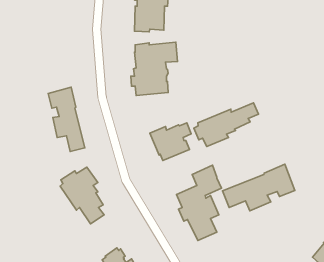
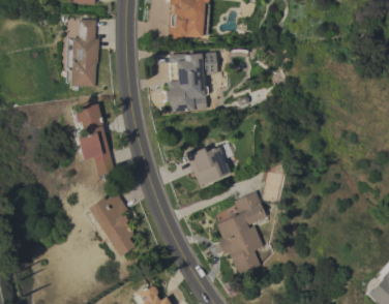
building: none -> [66,19,99,86]
building: [194,103,259,146] -> none
building: [223,164,295,211] -> none

